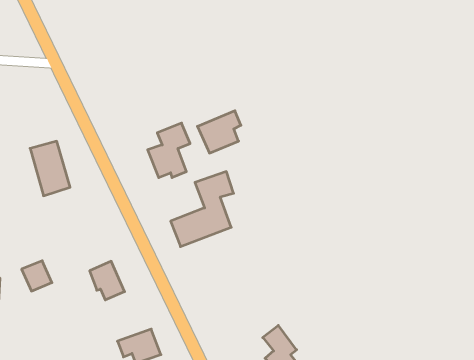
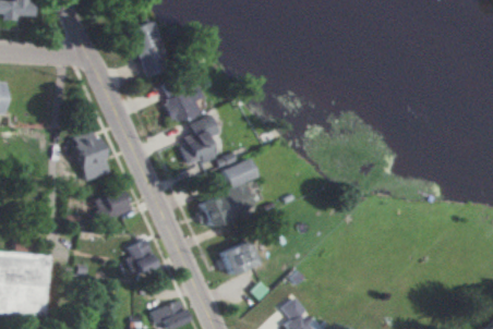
building: none -> [129,21,168,77]
building: [197,111,241,153] -> [161,85,201,123]
building: [22,261,52,291] -> [104,190,131,217]
building: none -> [218,239,262,276]

